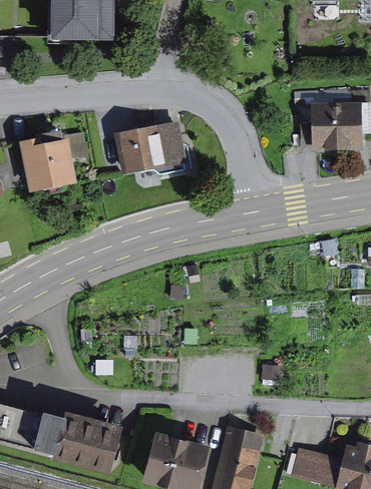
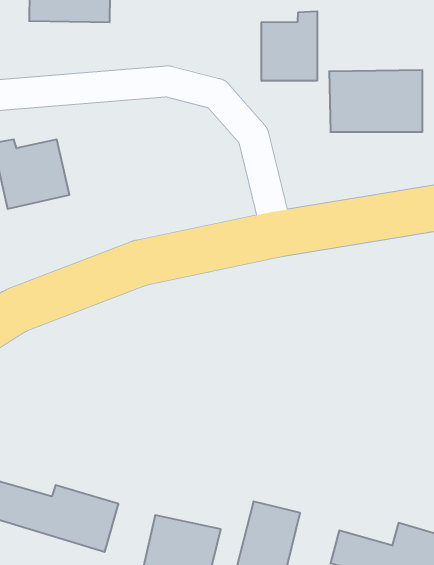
building: none -> [262,11,317,81]
building: [115,119,191,179] -> none

